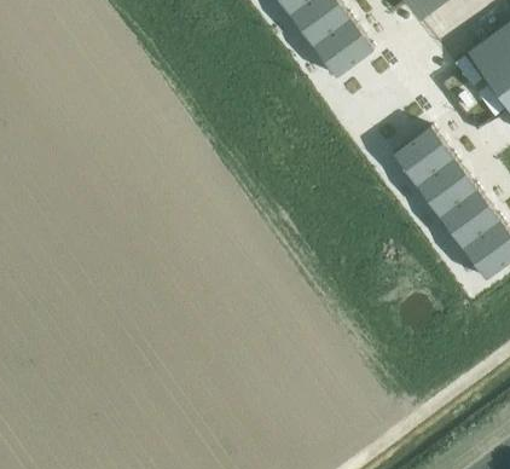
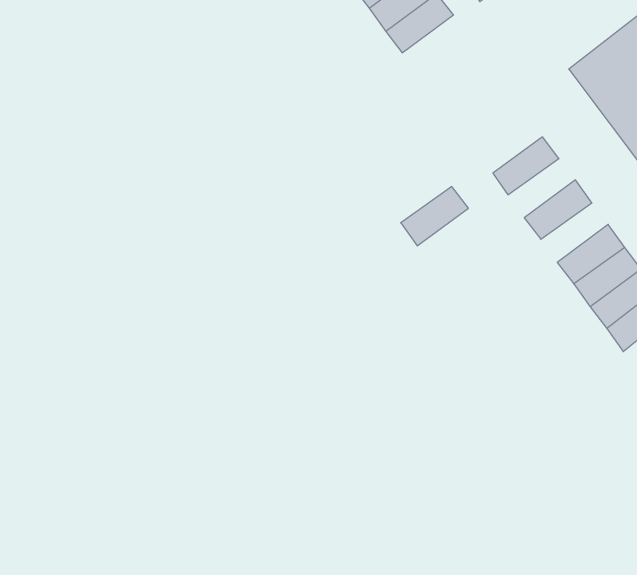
building: [330,30,379,75] -> none
building: [407,135,457,179] -> [401,187,468,246]
building: [431,168,481,212] -> none

